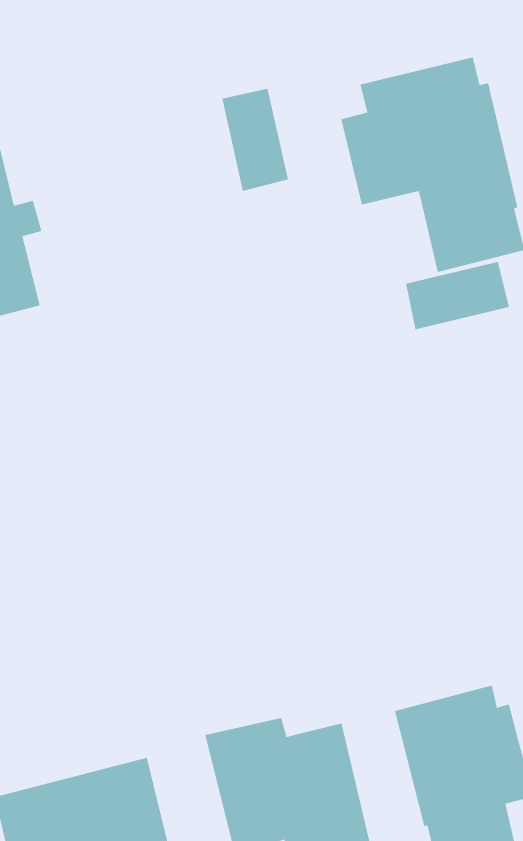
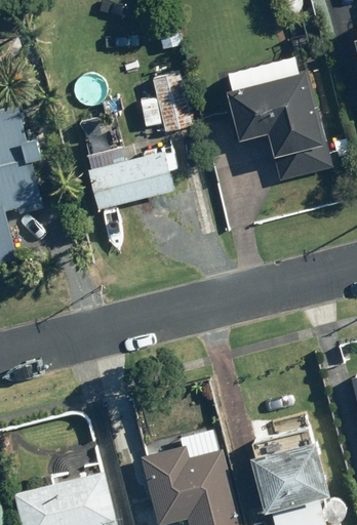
building: none -> [85,147,173,209]
building: [406,261,509,330] -> none

